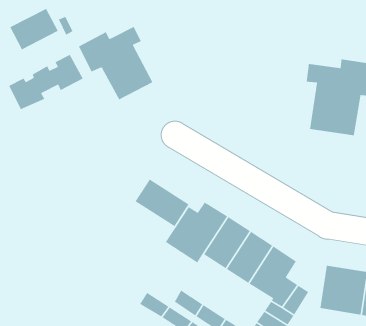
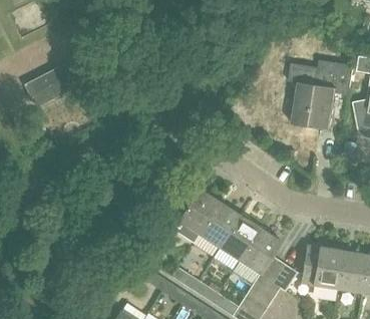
building: [9,8,59,50] -> none
building: [78,26,153,101] -> none
building: [135,178,190,227] -> none

